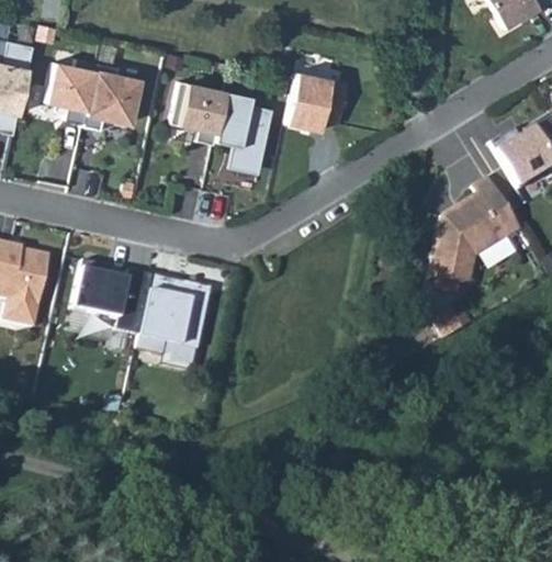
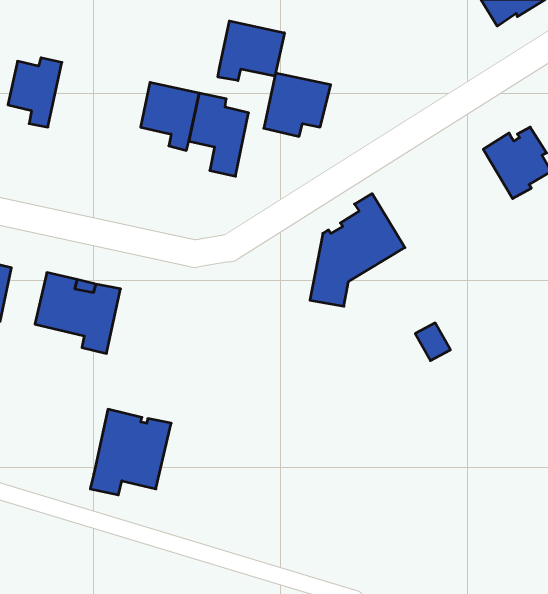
building: none -> [218,21,284,81]
building: [82,64,138,131] -> none
building: [430,179,519,284] -> [310,194,405,306]
building: [135,276,211,356] -> [90,409,171,495]

